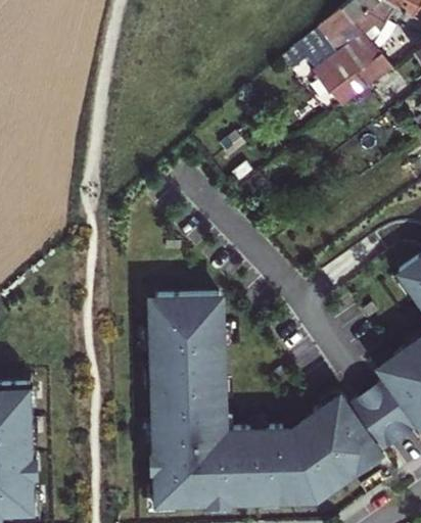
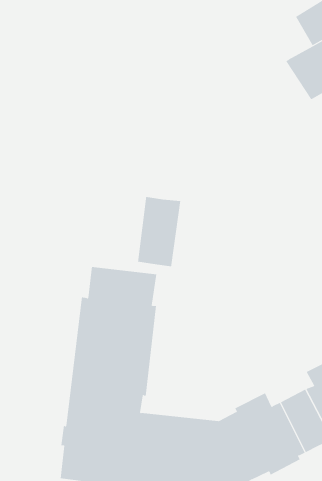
building: [281,32,336,74] -> none
building: none -> [137,196,181,267]

